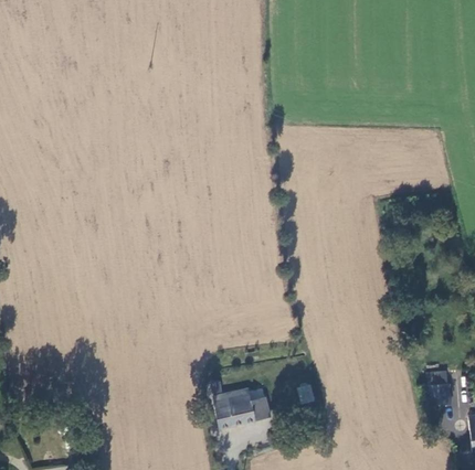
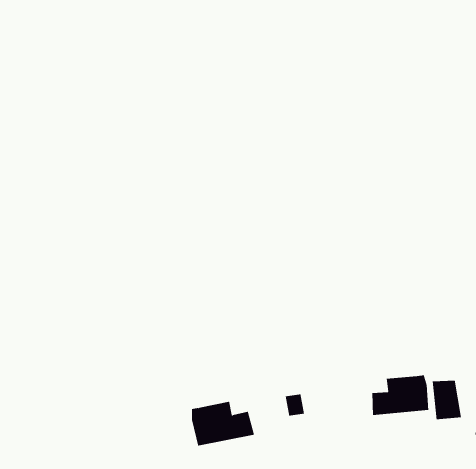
building: none -> [372,374,429,416]

